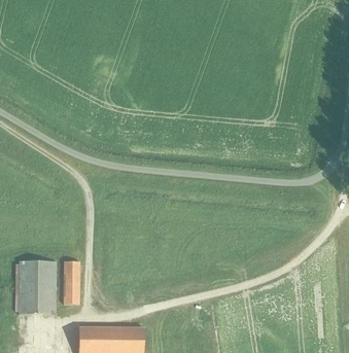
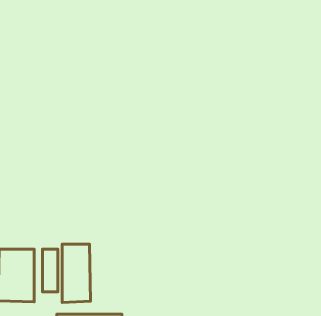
building: none -> [62,244,90,302]

